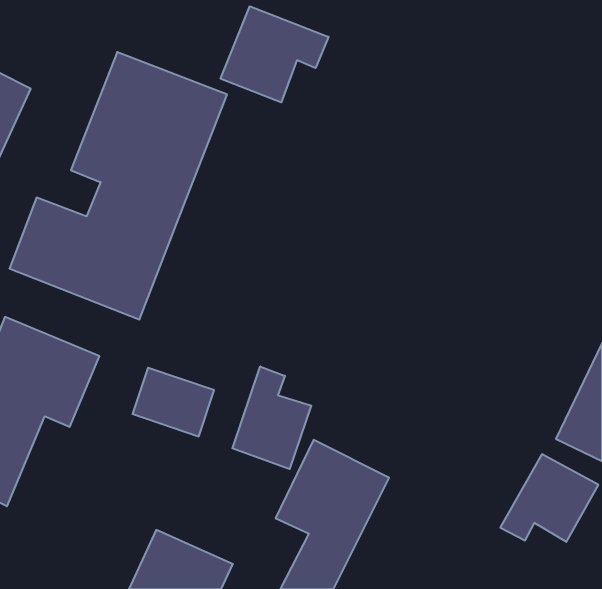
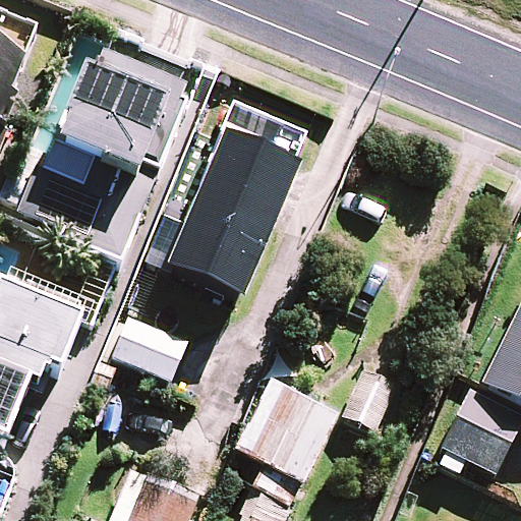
building: [221,6,329,102] -> none
building: none -> [140,131,299,297]
building: [232,366,311,469] -> none

